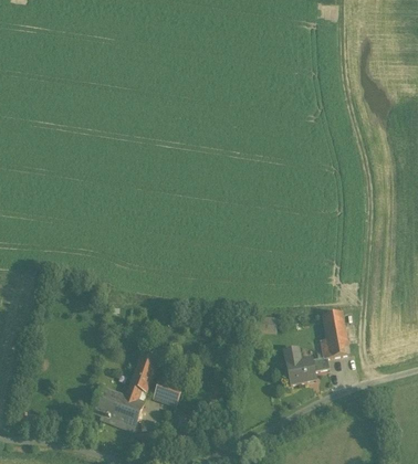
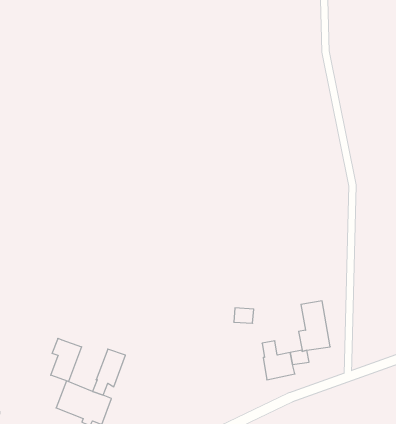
building: none -> [51,338,82,382]
building: [154,378,182,404] -> none

